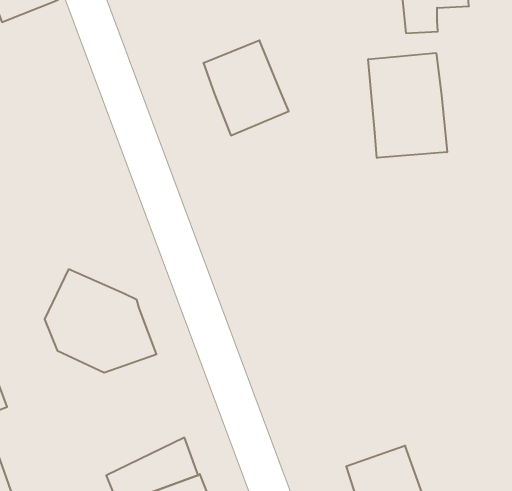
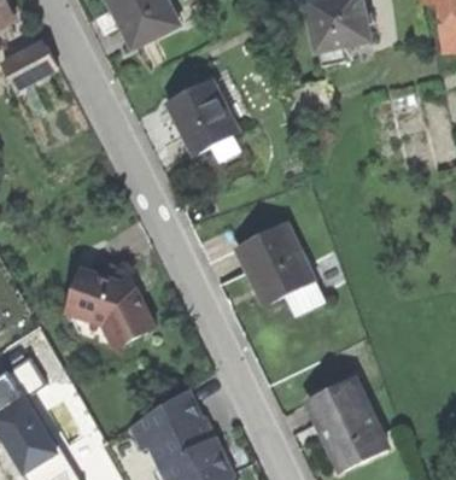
building: [368,53,447,158] -> none
building: none -> [238,223,322,315]

